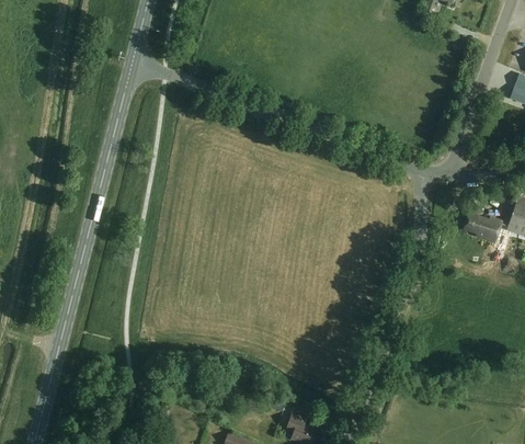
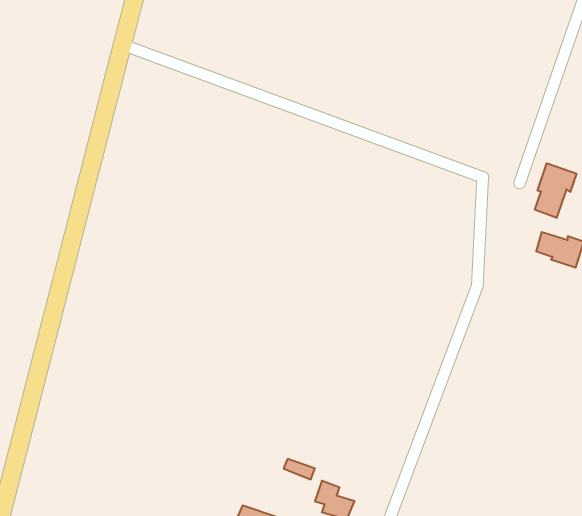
building: none -> [535,163,576,218]

